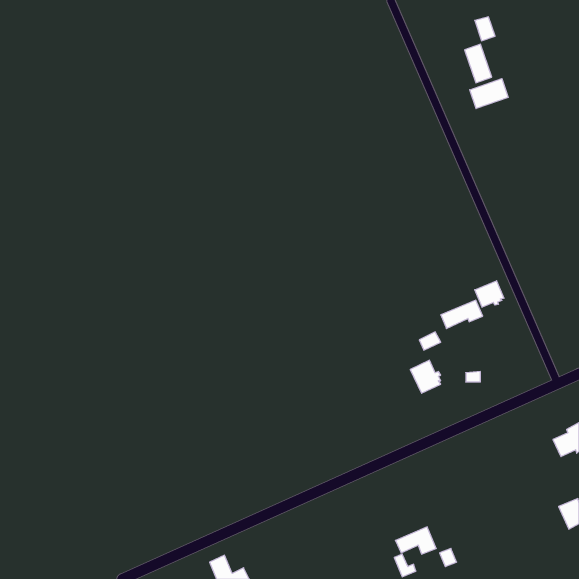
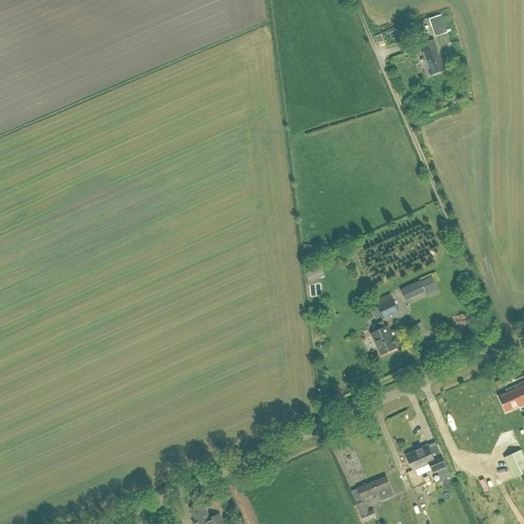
building: [470,79,508,109] -> none
building: [475,281,504,307] -> none
building: none -> [406,445,446,472]

